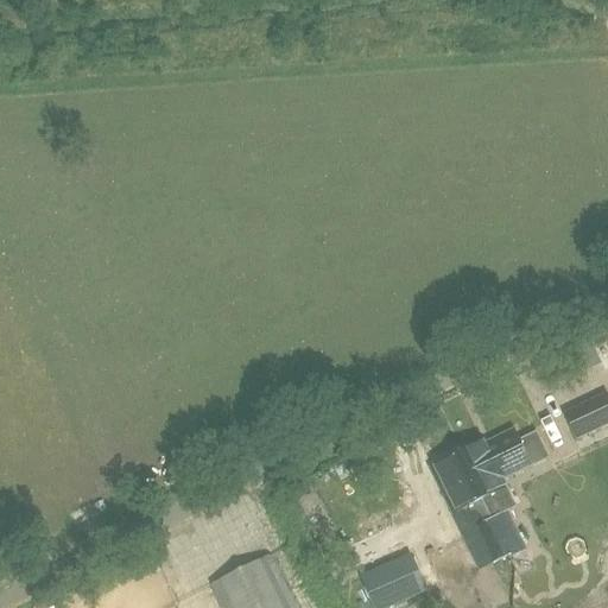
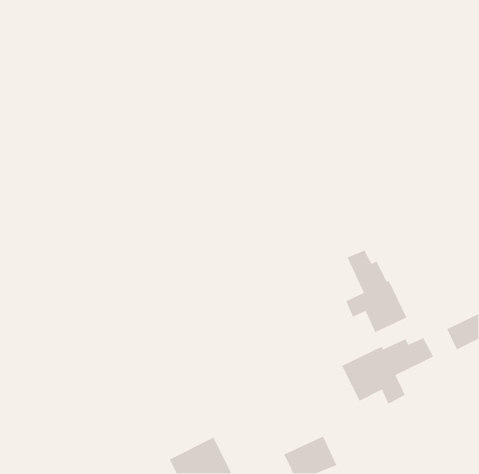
building: none -> [345,249,407,333]
building: [475,517,509,559] -> none

